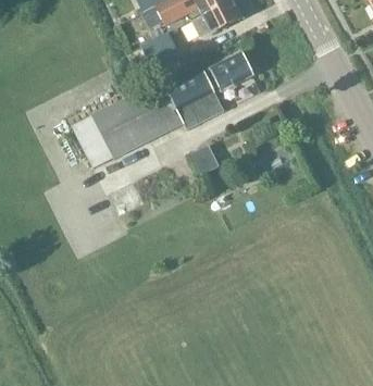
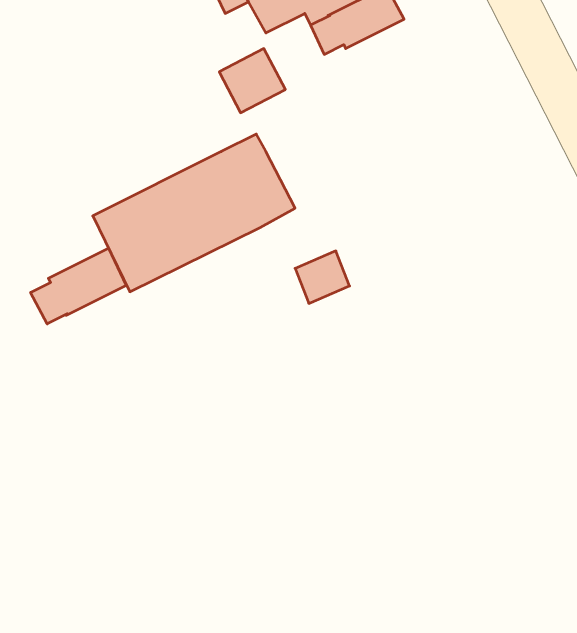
building: [167,51,253,127] -> none
building: none -> [31,248,126,324]

